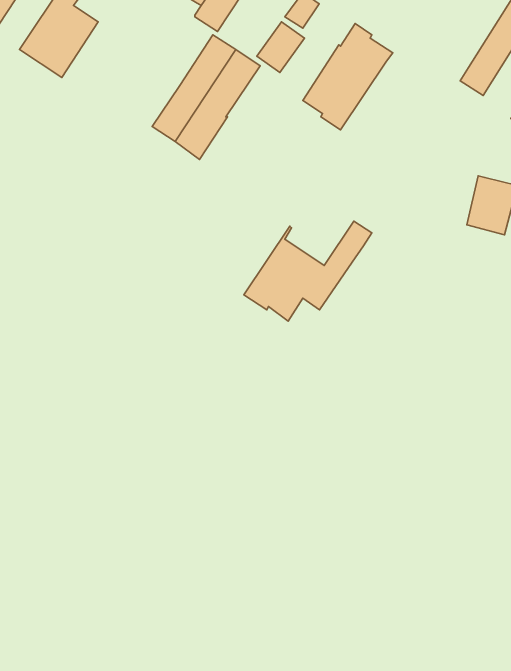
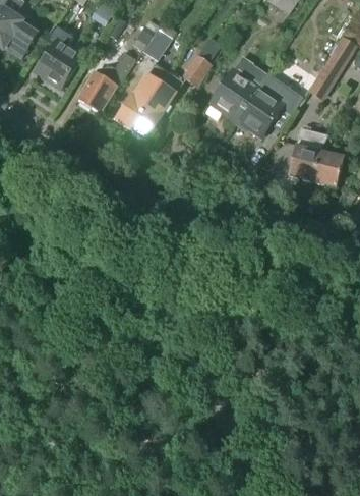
building: none -> [78,53,134,112]
building: none -> [288,127,327,180]
building: [244,221,372,321] -> [234,75,313,137]

